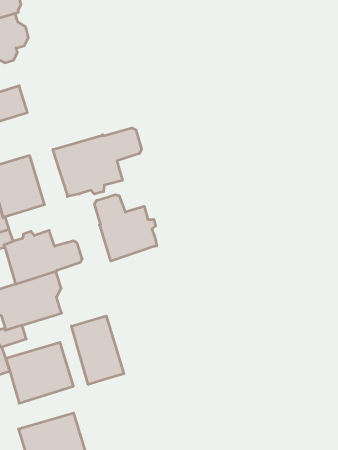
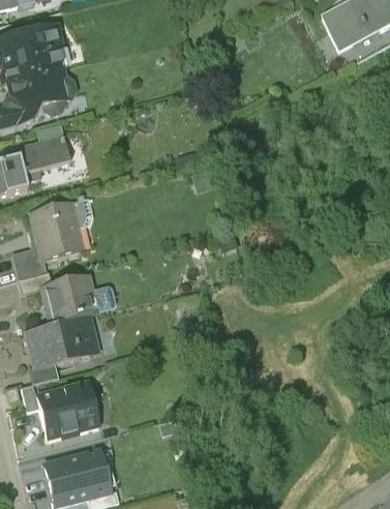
building: [53,128,141,197] -> none
building: [94,195,157,261] -> none
building: [71,316,124,384] -> none

